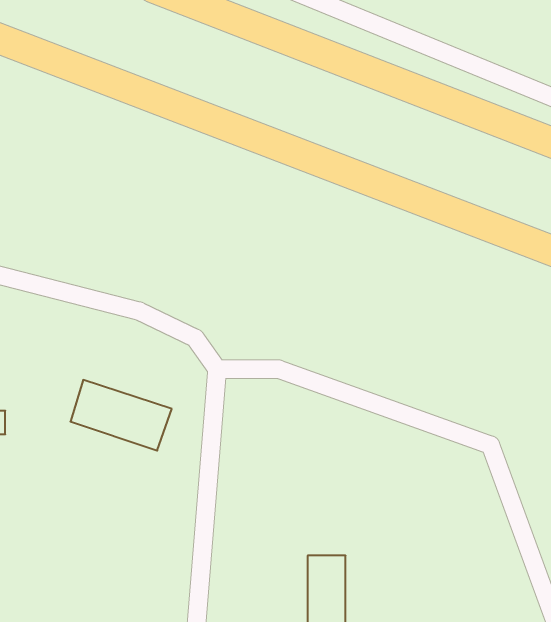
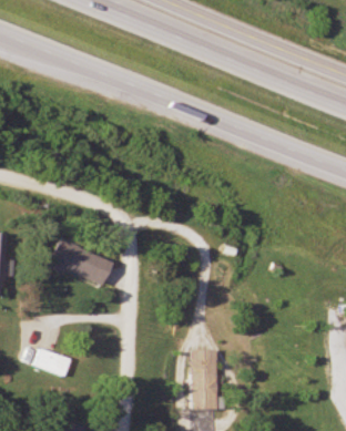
building: none -> [32,348,67,377]

